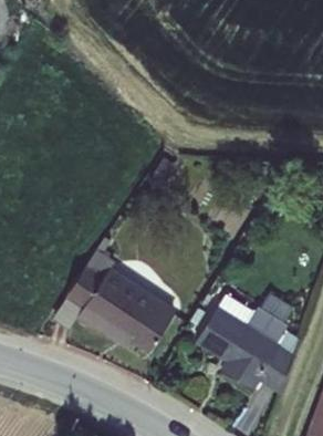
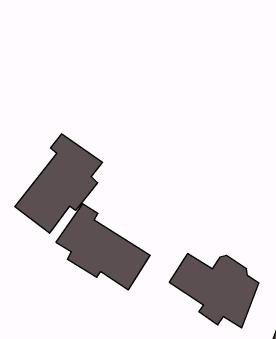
building: none -> [15,134,102,233]

